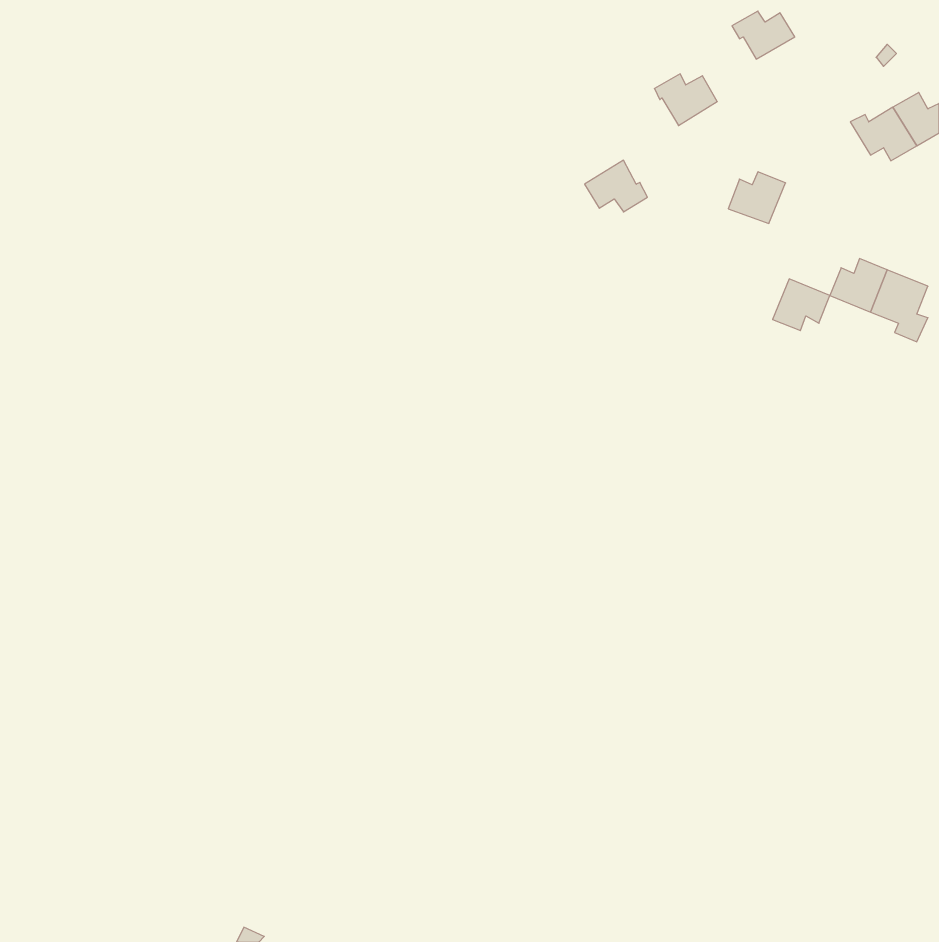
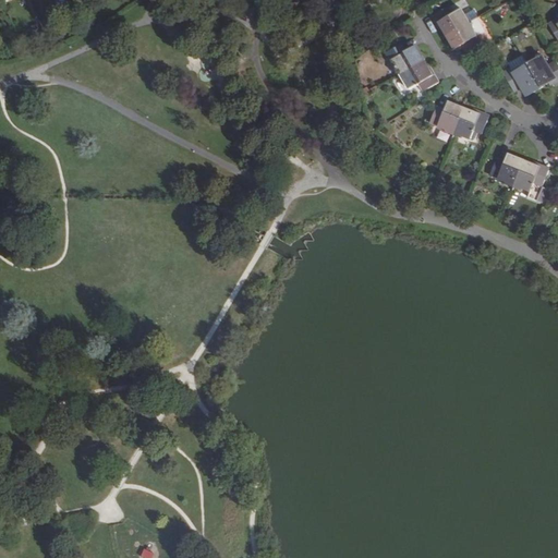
building: none -> [446,22,481,51]
building: [585,160,647,212] -> [400,60,437,90]
building: [773,279,830,331] -> [453,108,487,138]

